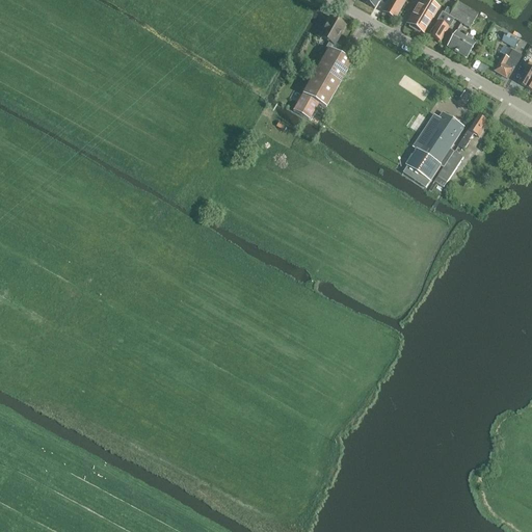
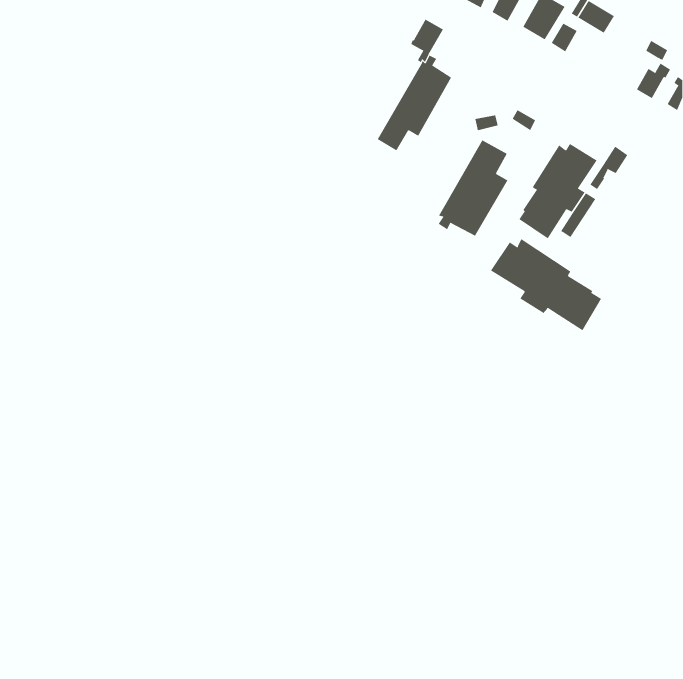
building: [447,29,475,56] -> none
building: none -> [438,140,508,236]
building: none -> [490,238,602,331]

